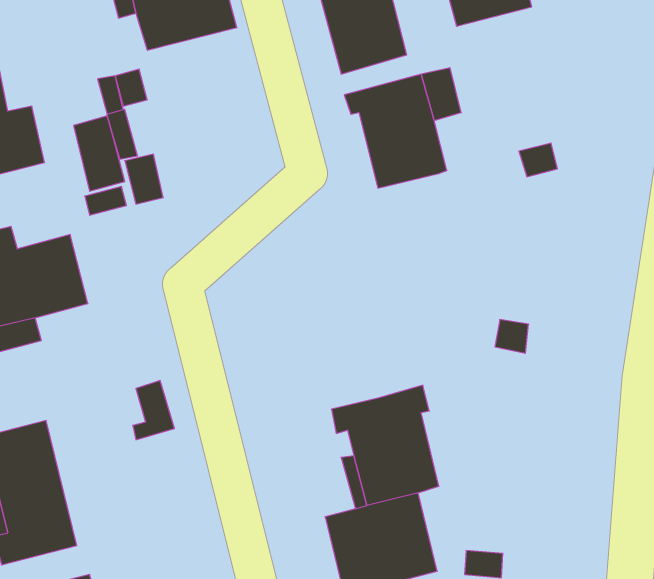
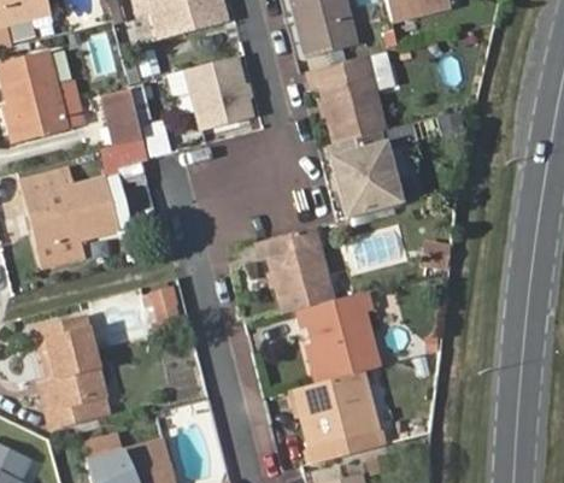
building: none -> [186,59,252,130]
building: none -> [328,132,400,219]
building: none -> [257,228,334,313]

